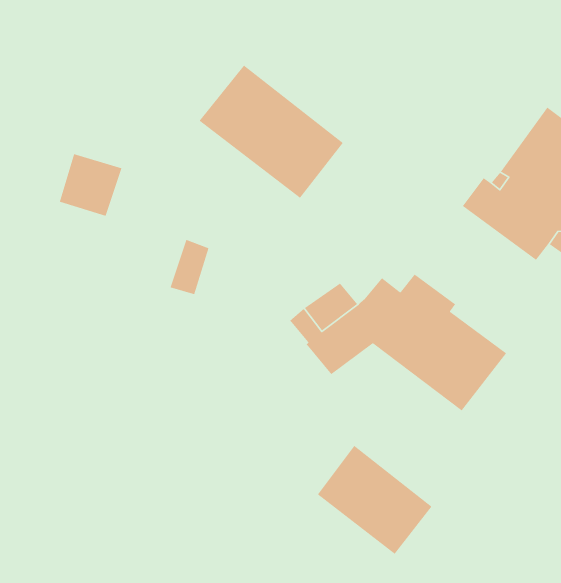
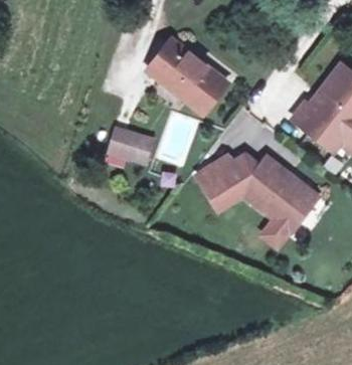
building: [59,153,122,217] -> [105,128,140,163]
building: [317,445,433,555] -> none

